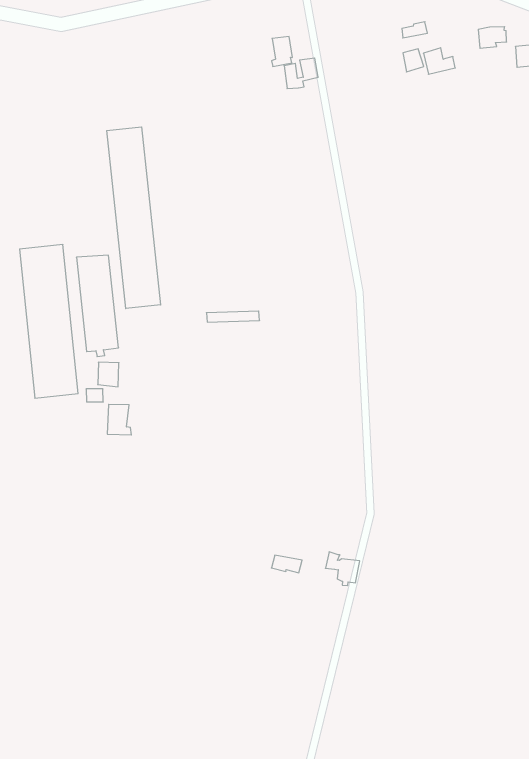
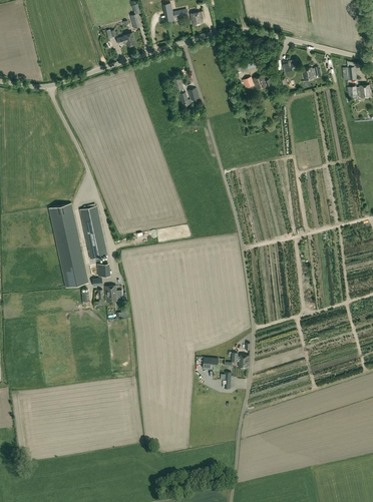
building: [107,127,161,309] -> none

